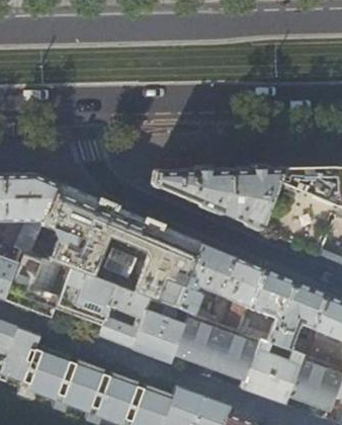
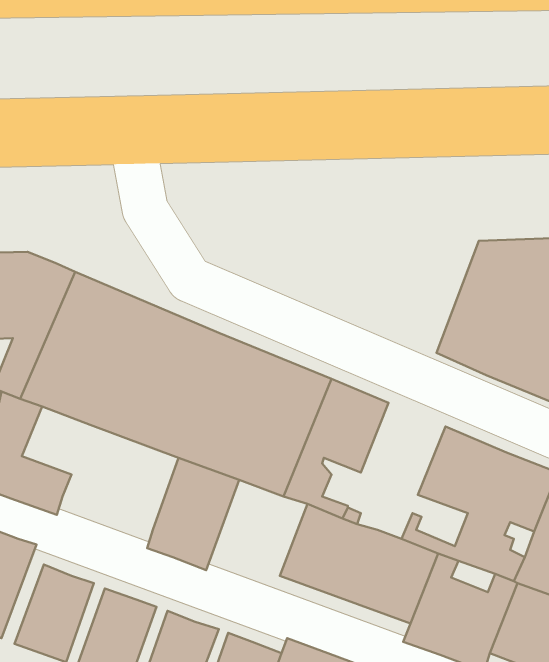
building: [154,168,282,230] -> none
building: [216,257,264,332] -> none
building: [54,269,117,327] -> none
building: [133,300,188,362] -> none

